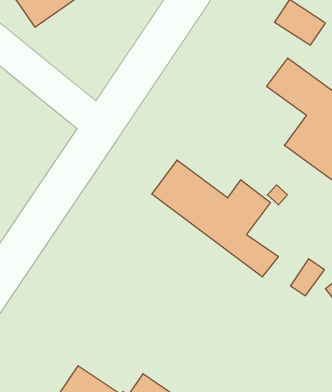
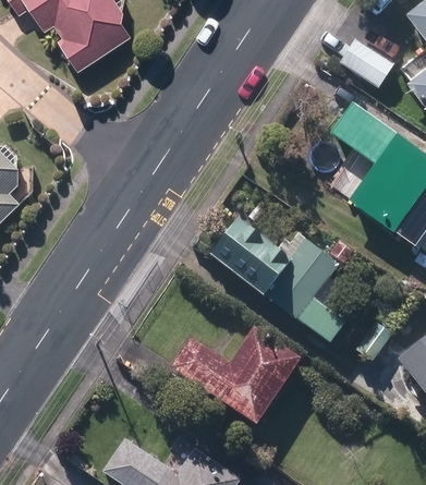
building: none -> [166,325,299,426]

